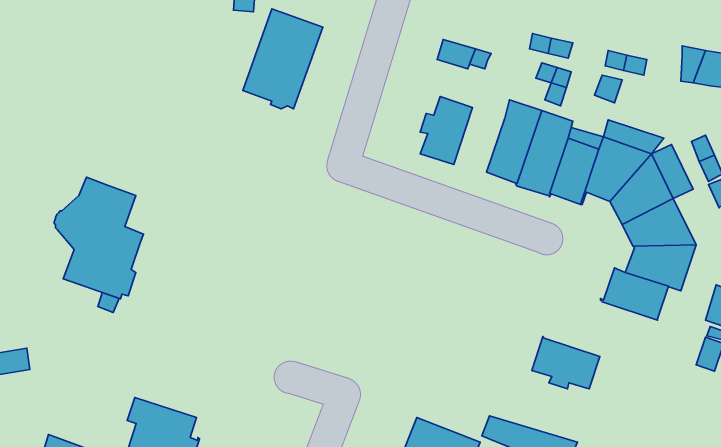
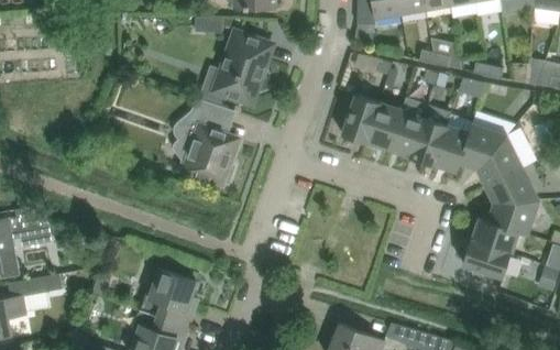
building: none -> [366,102,403,149]
building: [54,177,143,299] -> [176,98,240,185]
building: [532,337,600,389] -> [463,240,512,277]
building: none -> [139,269,198,324]

